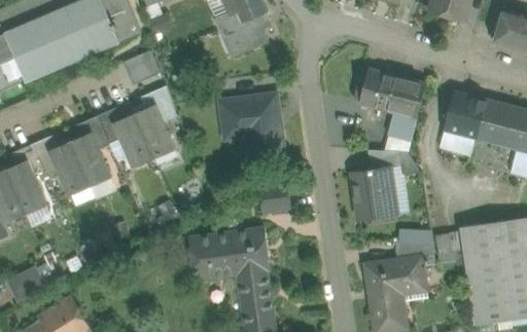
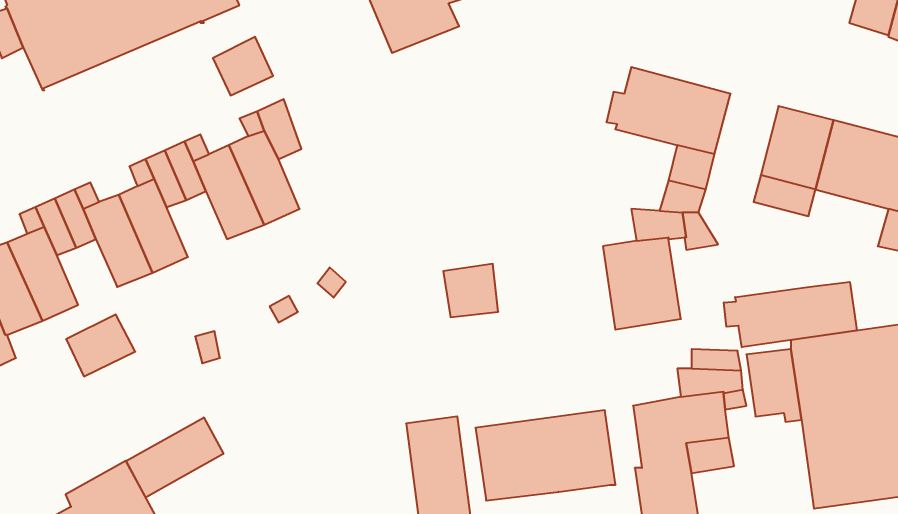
building: [220,95,283,162] -> none
building: none -> [724,282,857,347]
building: [188,227,270,280] -> [475,410,616,501]
building: [6,266,46,302] -> [66,314,135,376]
building: none -> [126,417,223,497]

